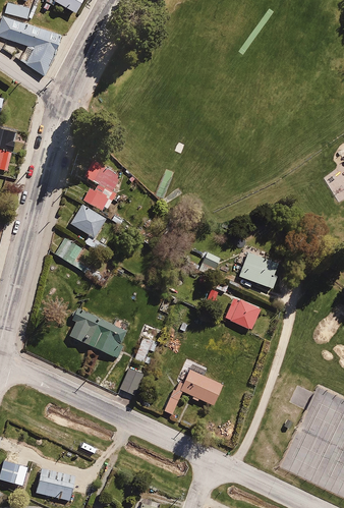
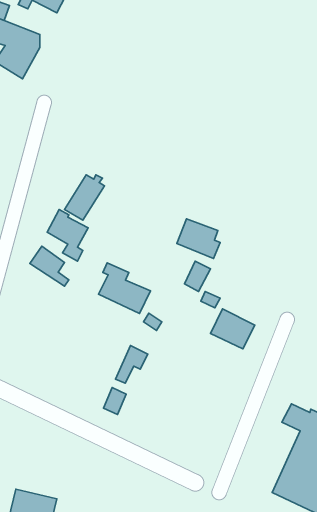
building: [237,251,278,289] -> [177,219,220,259]
building: [68,307,117,355] -> [99,263,150,314]
building: [161,368,223,414] -> none

